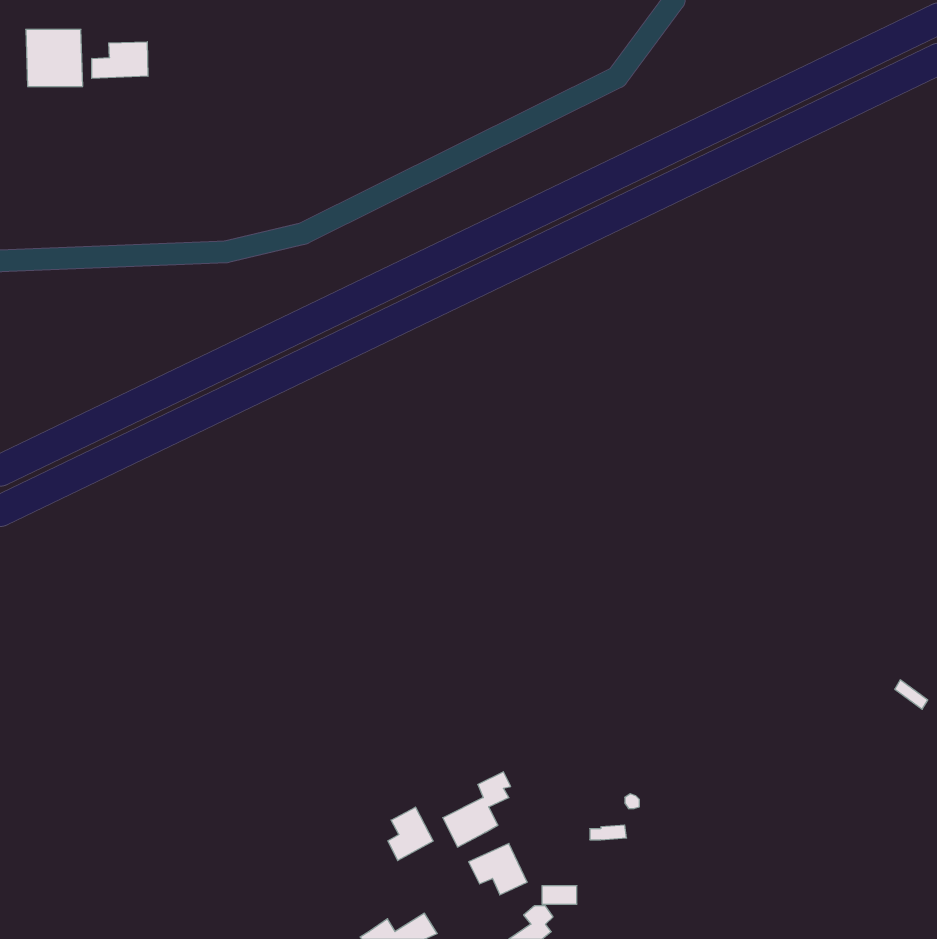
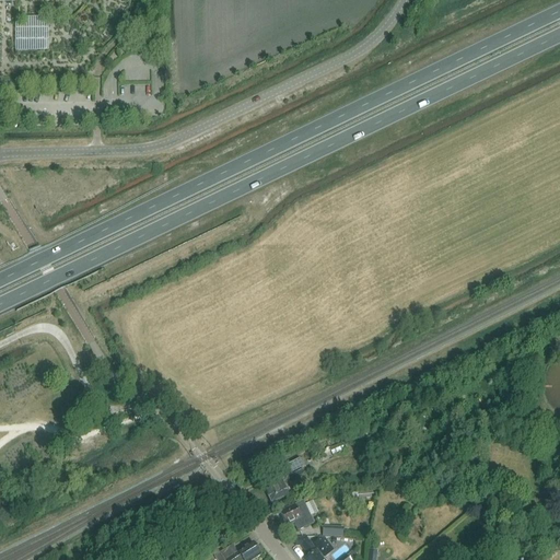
building: [92,42,148,78] -> none
building: [388,807,433,861] -> none

